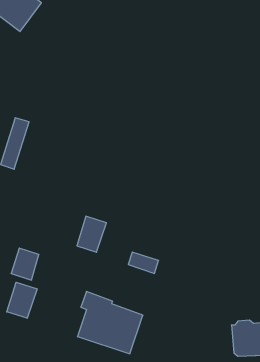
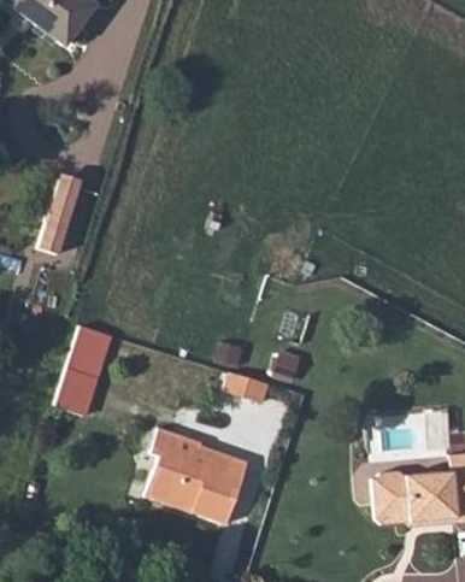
building: [77,216,106,252] -> [66,323,110,376]
building: [7,282,37,318] -> none

